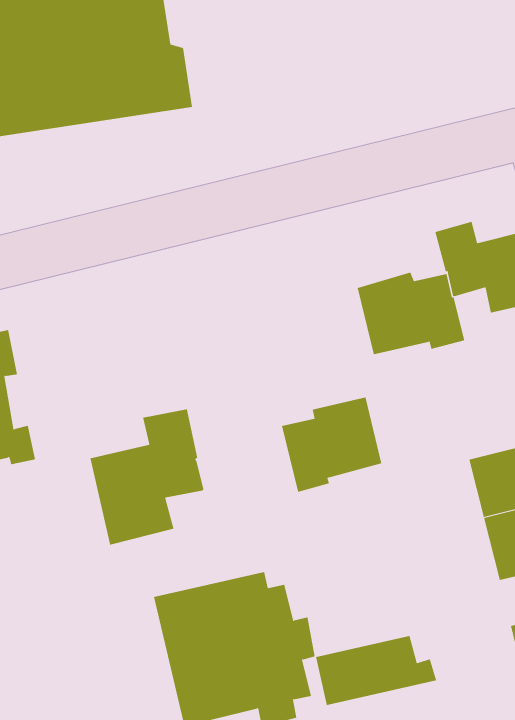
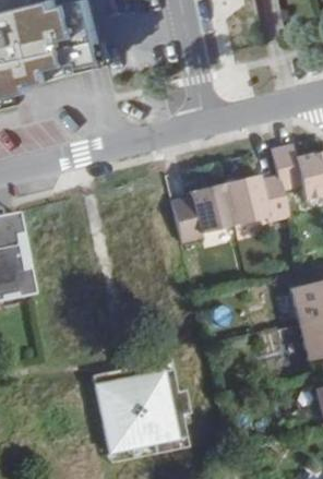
building: [281,397,382,493] -> [169,187,230,244]
building: [90,408,204,546] -> none
building: [315,635,437,706] -> none

